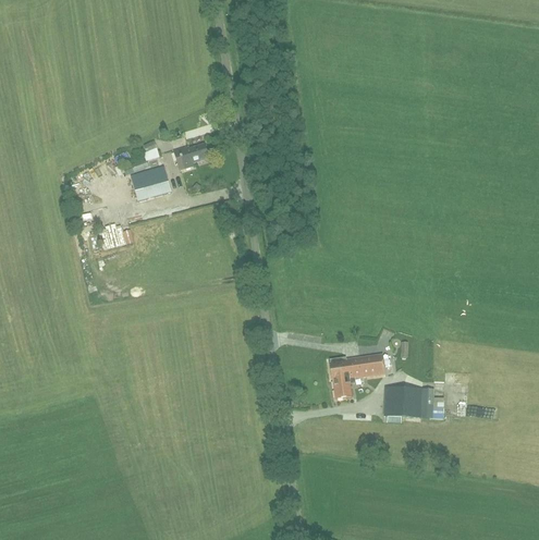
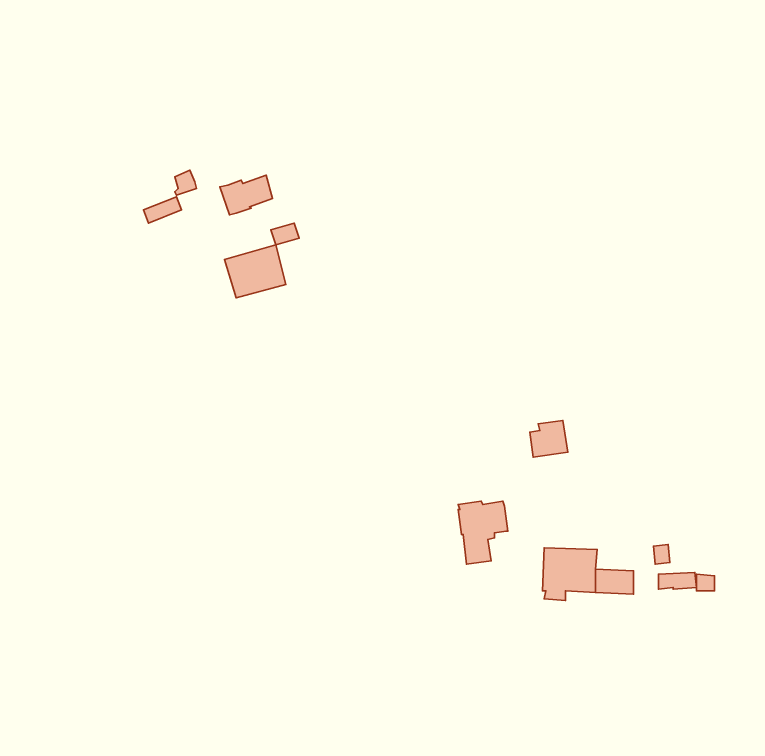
building: [131,164,171,199] -> [225,245,286,298]
building: [360,352,385,376] -> [530,421,568,457]

